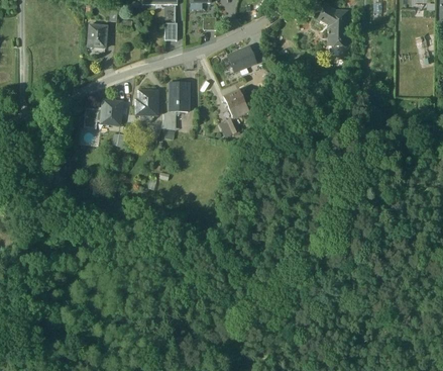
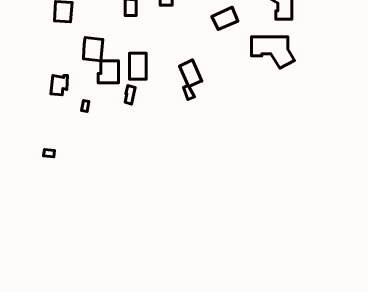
building: [226,47,254,71] -> [212,7,238,29]
building: none -> [252,37,294,68]
building: [100,99,121,124] -> [83,38,103,61]

